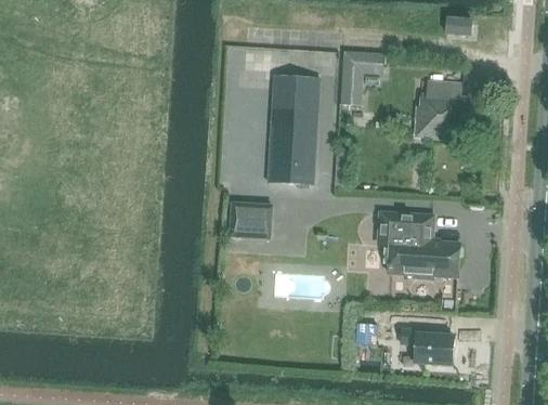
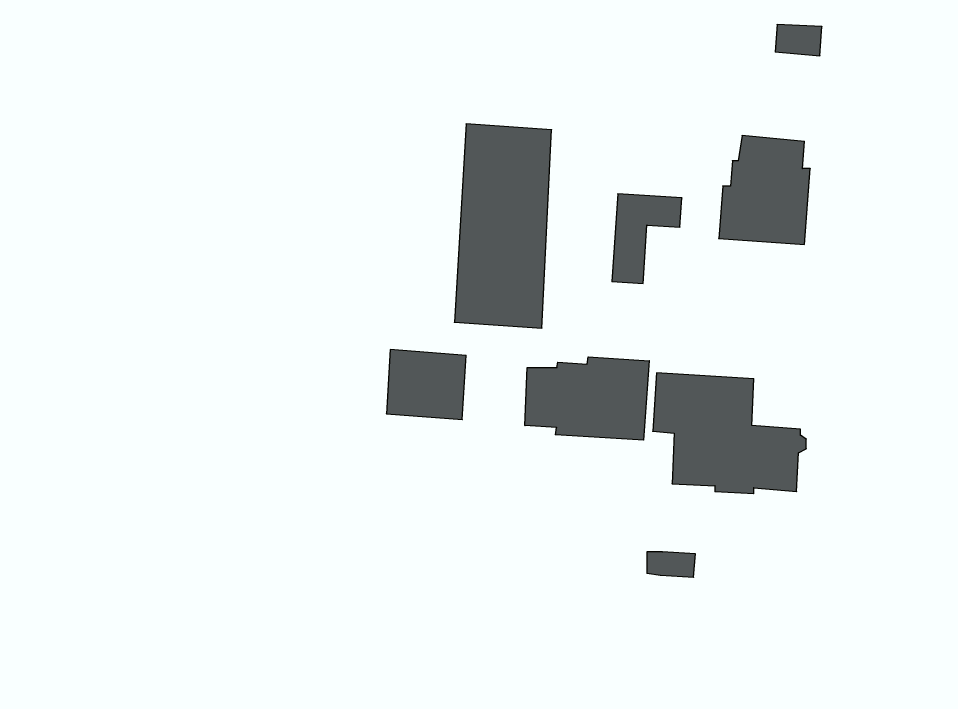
building: [342,53,381,103] -> [612,194,682,283]
building: none -> [525,357,649,440]
building: [400,328,453,364] -> none

